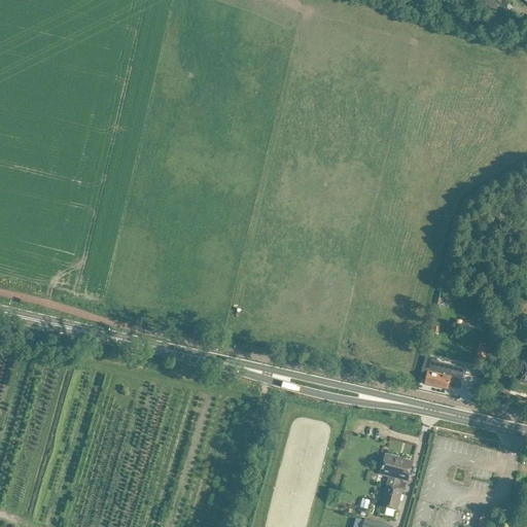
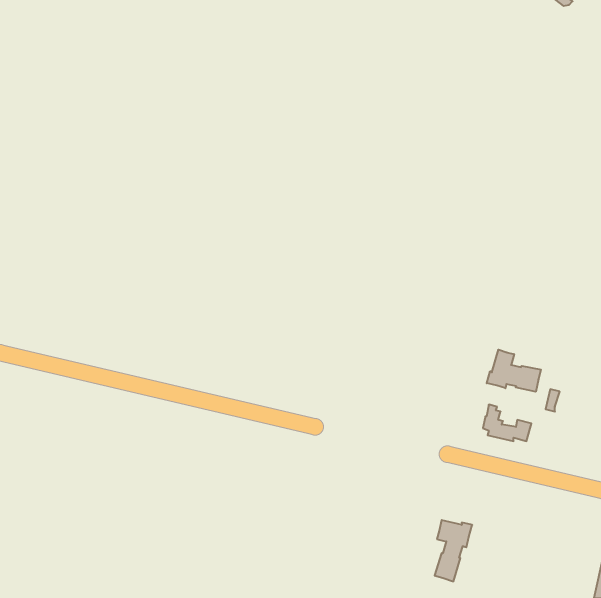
building: none -> [487,350,541,392]

